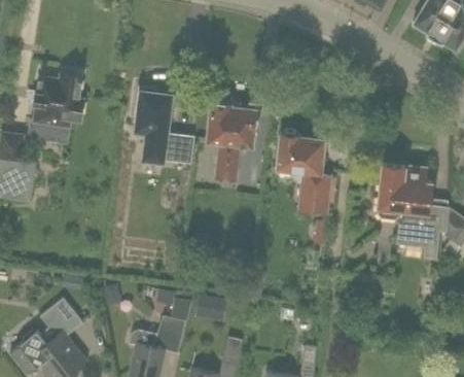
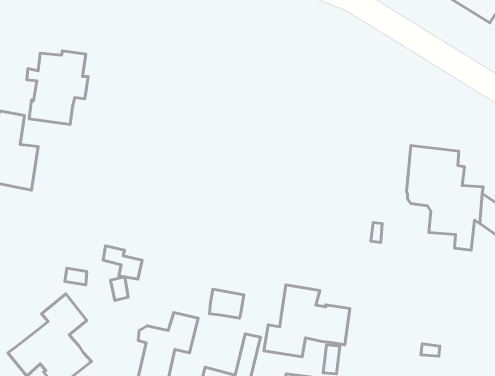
building: [138,94,193,174] -> none
building: [207,104,256,181] -> none
building: [276,135,335,215] -> none
building: [156,288,192,319] -> [103,246,142,279]
building: none -> [264,285,350,357]

